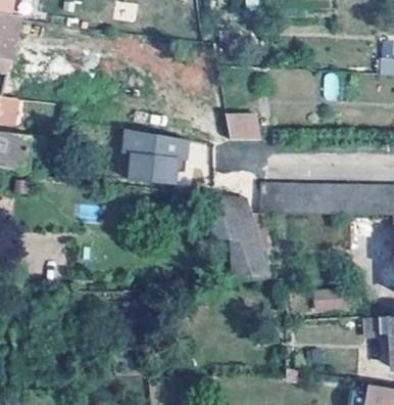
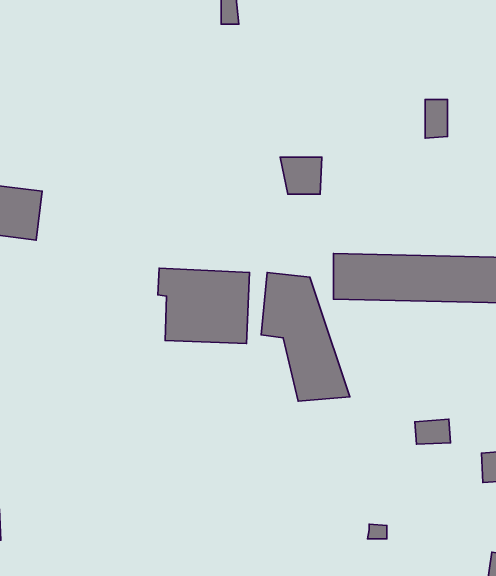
building: [119,133,183,185] -> [158,268,249,344]

